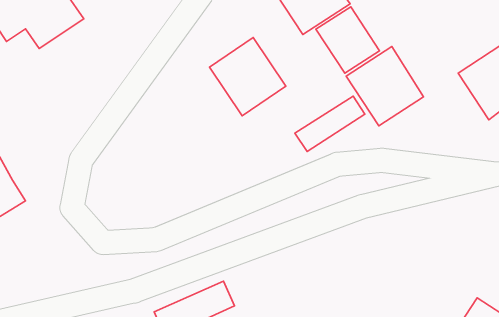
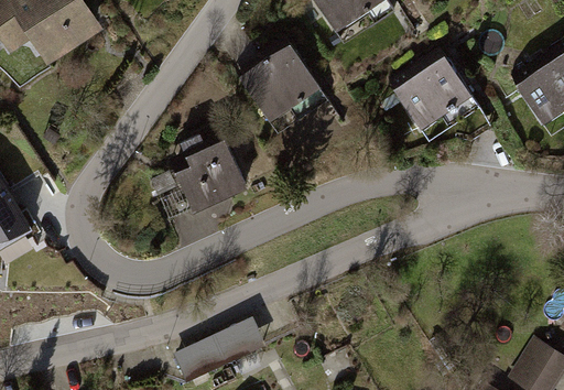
building: [316,7,380,73] -> none
building: [295,96,365,152] -> none
building: none -> [166,138,245,217]

